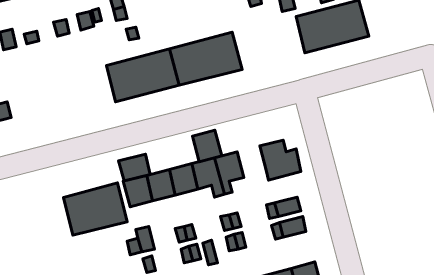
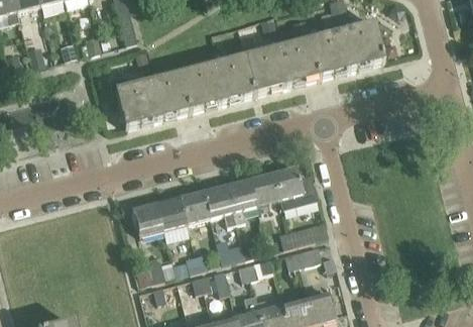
building: none -> [244,39,319,94]
building: [192,130,222,162] -> [249,173,279,205]
building: [119,154,150,181] -> none
building: [63,183,127,235] -> none

